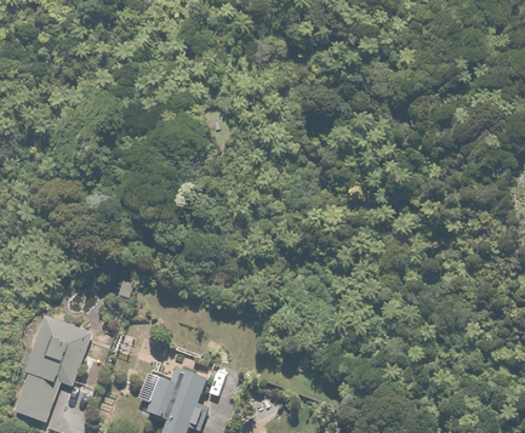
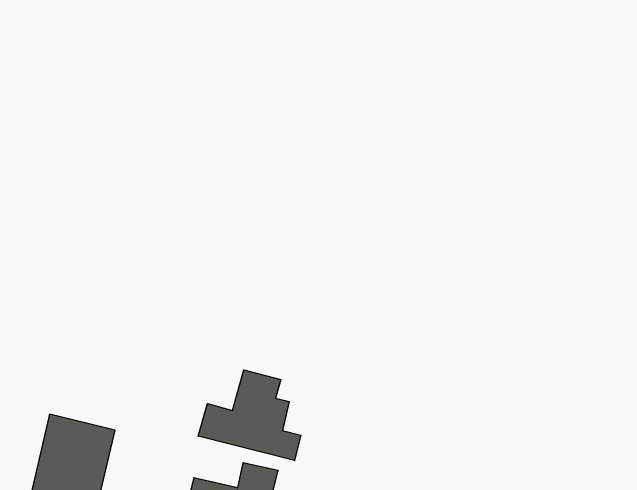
building: none -> [198,370,301,461]

